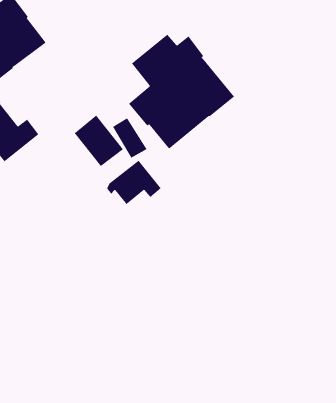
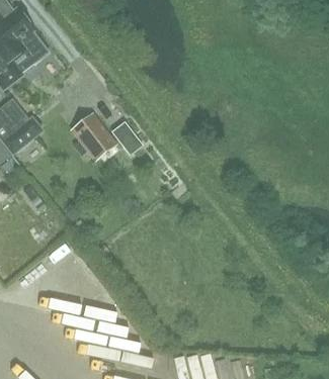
building: [128,34,235,149] -> none
building: [107,160,162,209] -> none

